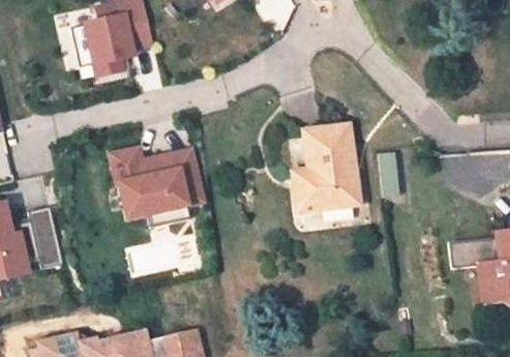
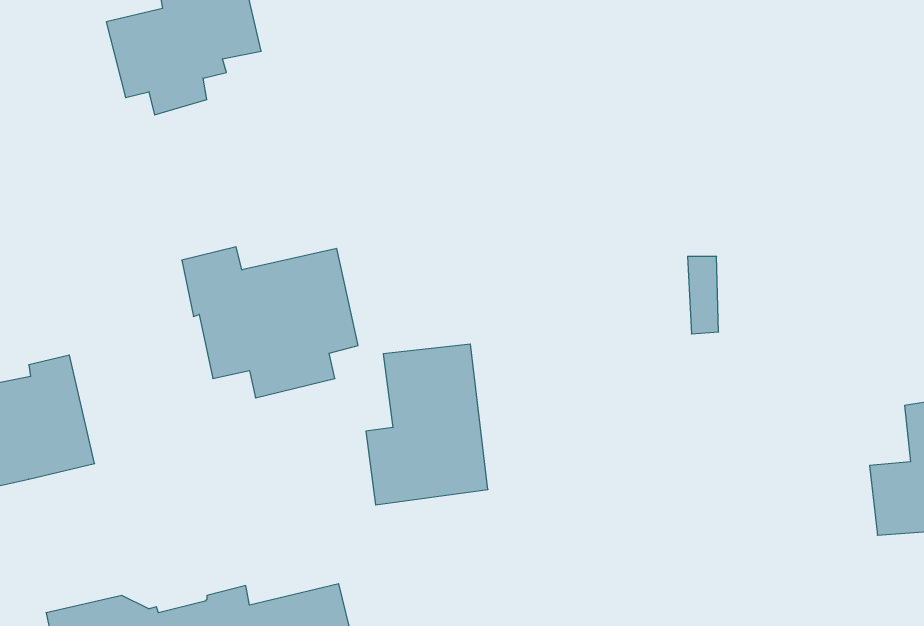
building: [293,125,358,211] -> [366,344,488,505]

